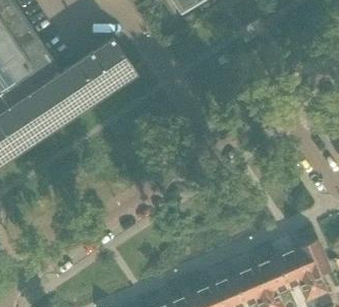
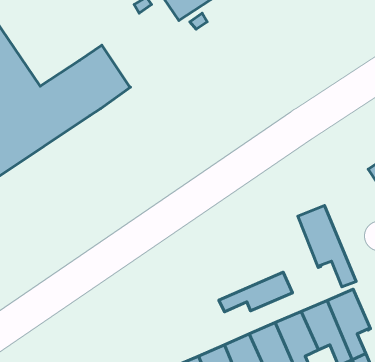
building: none -> [298,205,356,287]
building: none -> [219,272,292,312]

